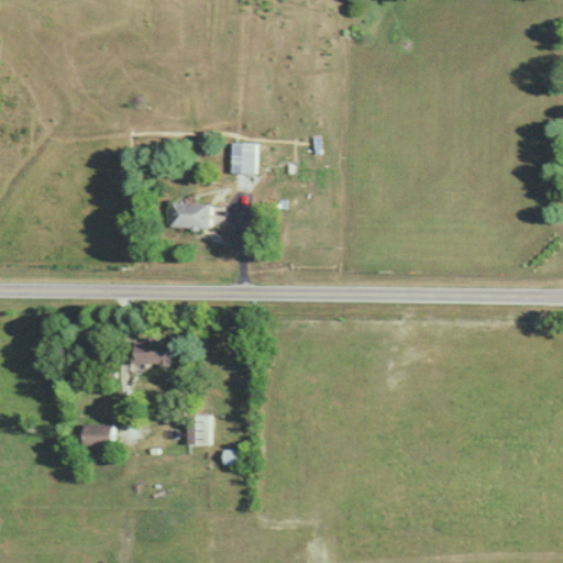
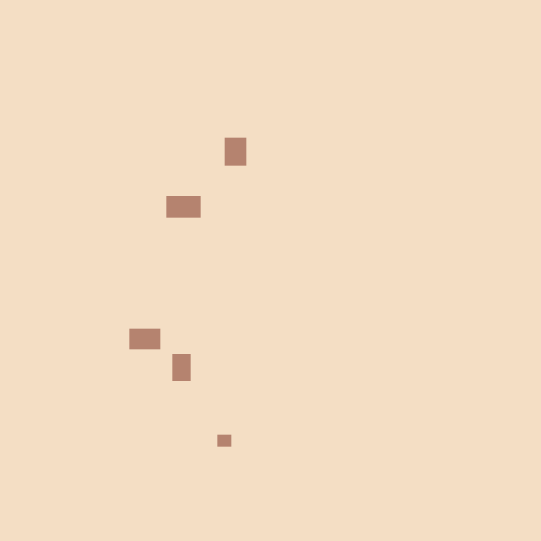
building: [188,416,209,445] -> [171,353,192,382]
building: [81,426,110,448] -> none

